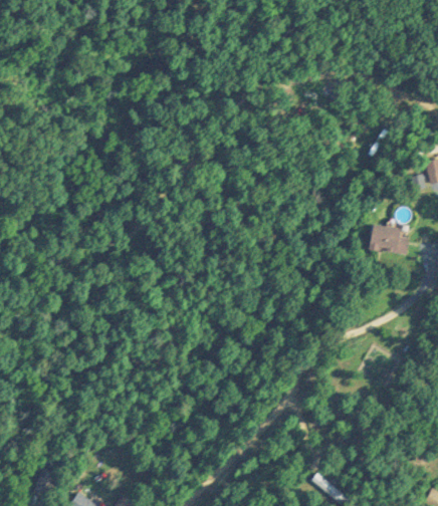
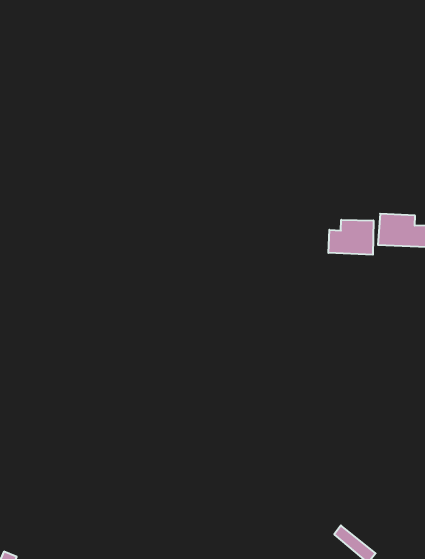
building: none -> [328,220,373,255]

